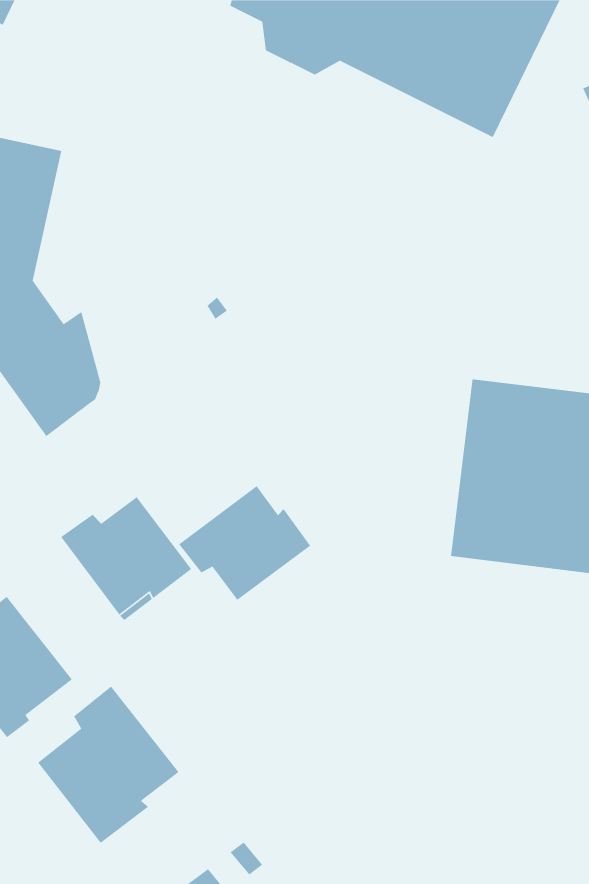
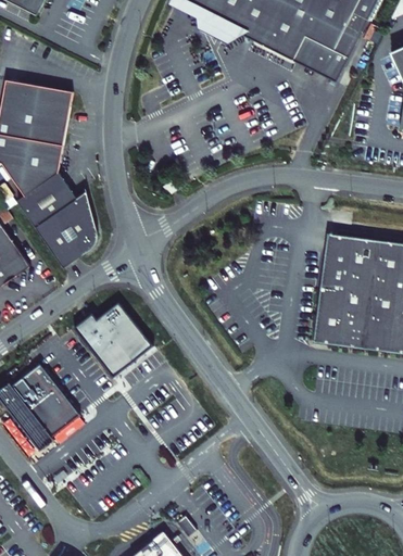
building: [178,485,311,601] -> none
building: [37,685,179,844] -> none

